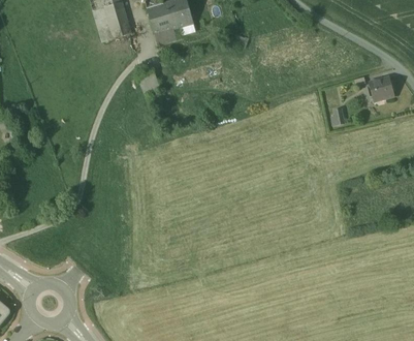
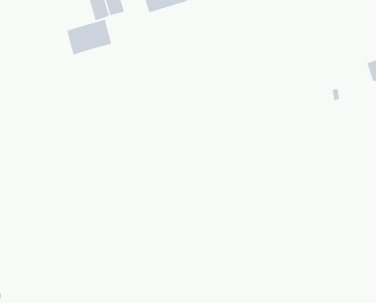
building: none -> [66,19,112,55]

